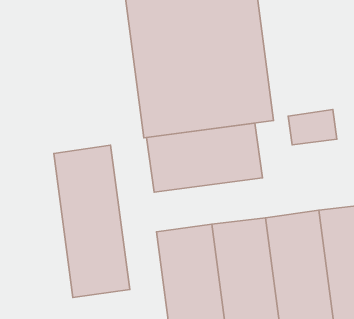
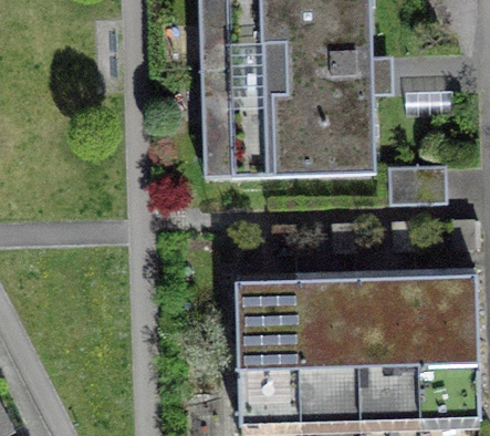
building: [146,123,263,192] -> none
building: [54,145,130,298] -> none

